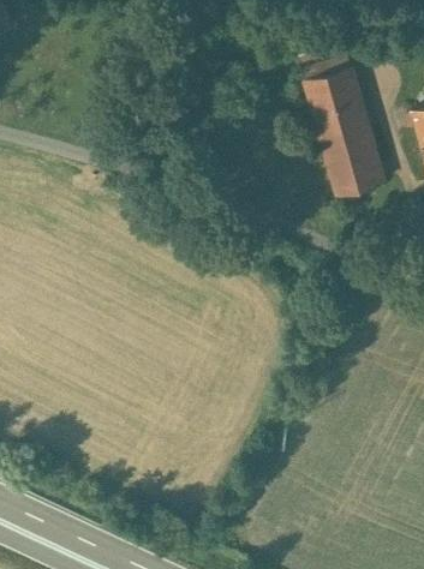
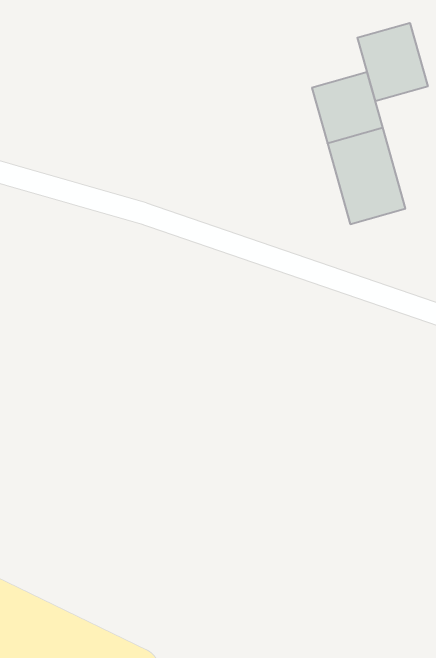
building: none -> [357,23,428,101]

